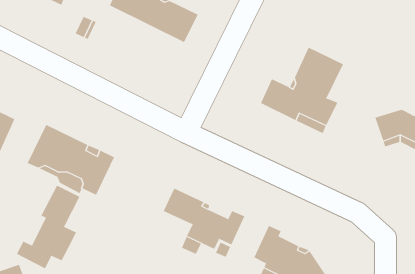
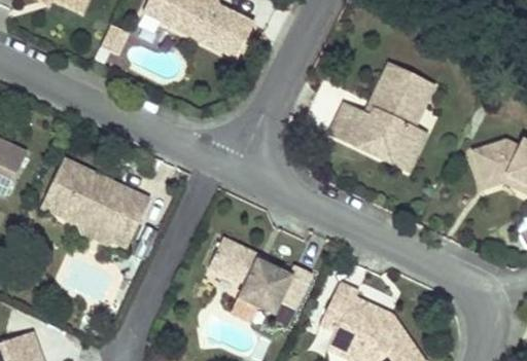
building: [16,185,80,269] -> none

